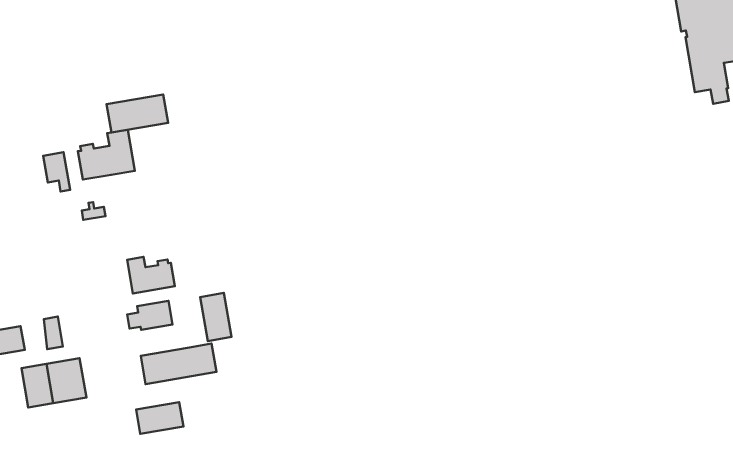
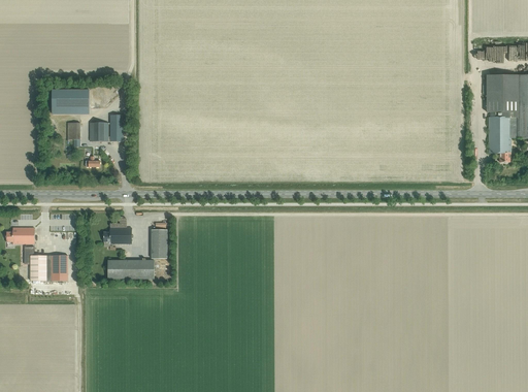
building: [107,95,168,133] -> [53,90,90,108]
building: [127,257,175,293] -> none
building: [136,402,183,434] -> none

